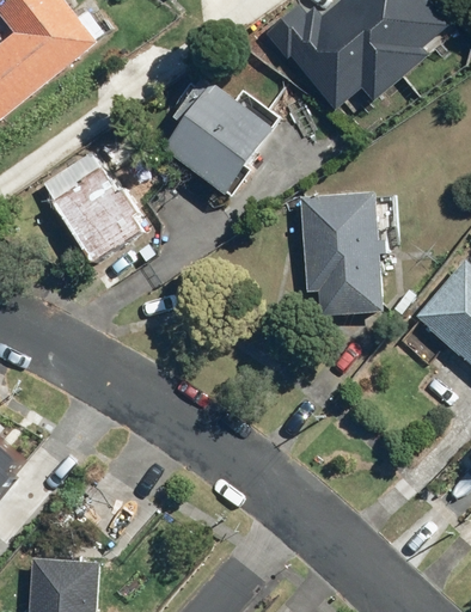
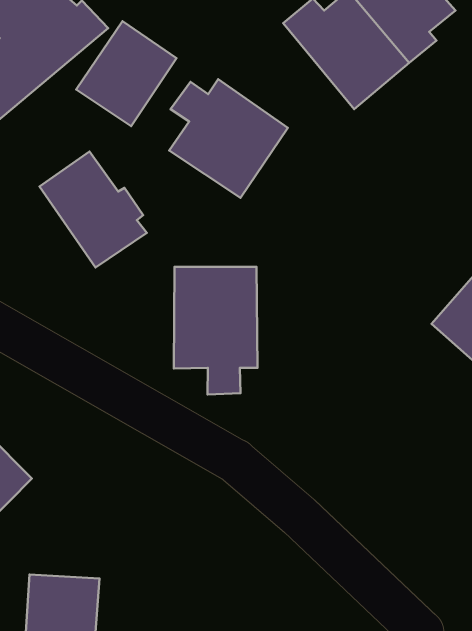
building: none -> [76,21,177,126]
building: [302,191,375,313] -> none
building: none -> [174,267,257,395]

